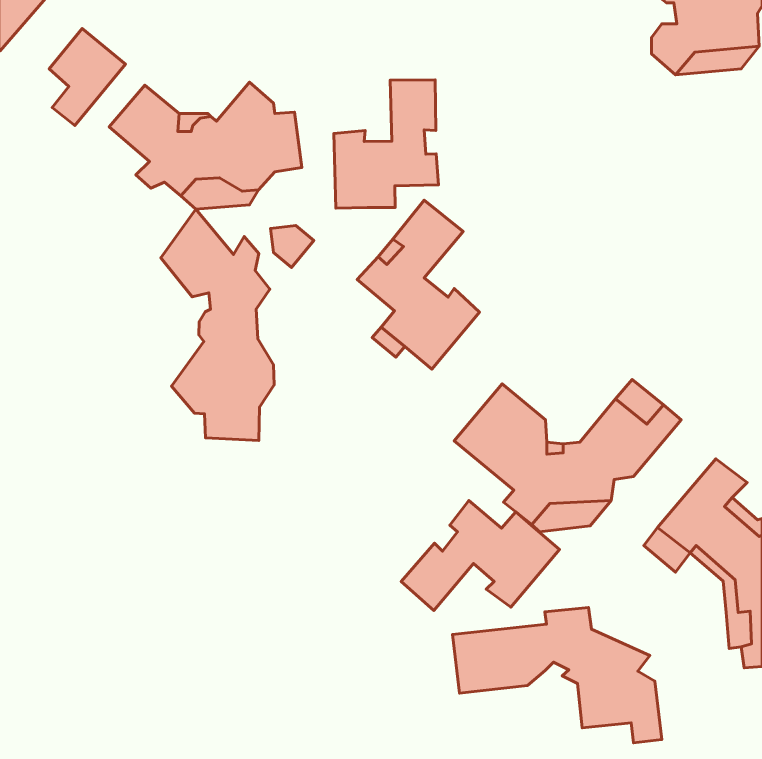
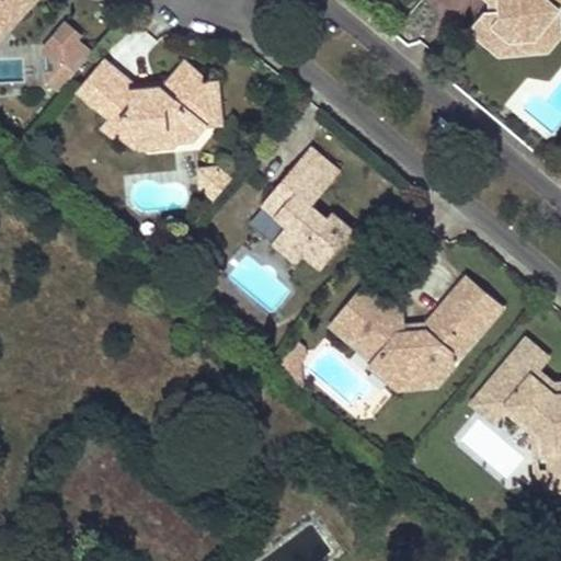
building: [334,80,439,208] -> none
building: [161,209,274,441] -> none
building: [401,500,560,611] -> none
building: [453,607,662,743] -> none

